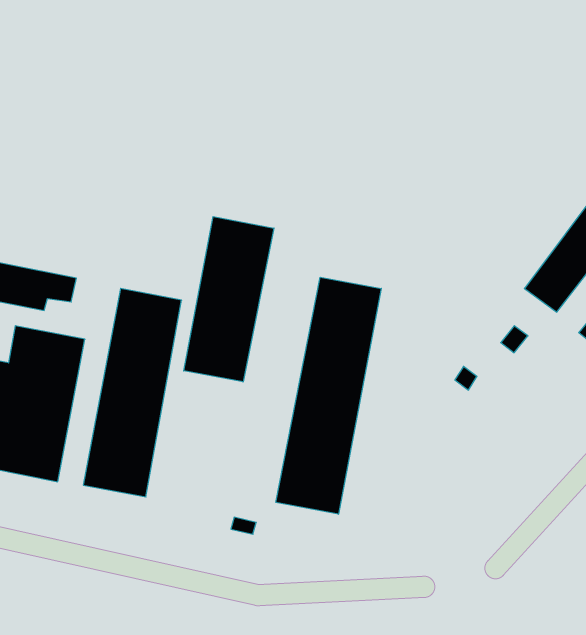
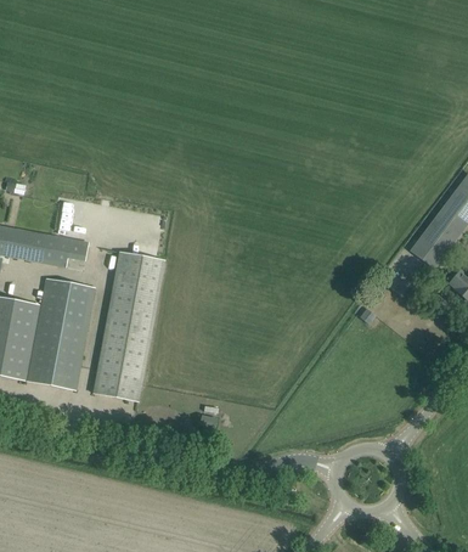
building: [184,217,274,382] -> none
building: [276,277,381,514] -> none

